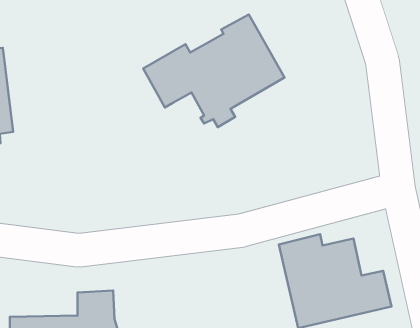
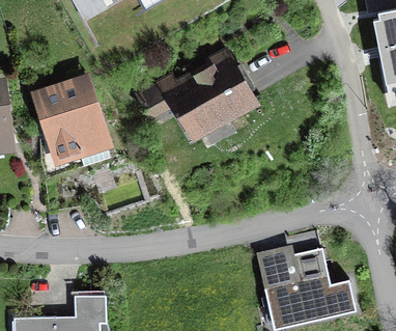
building: none -> [29,68,114,164]

